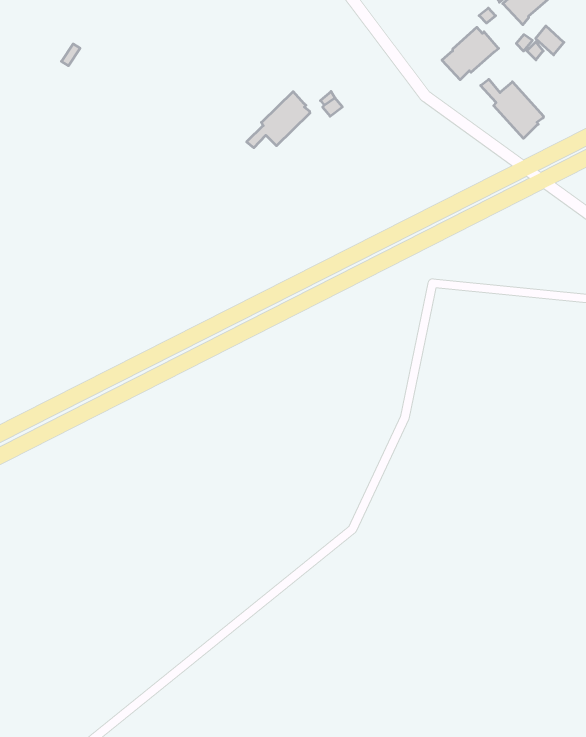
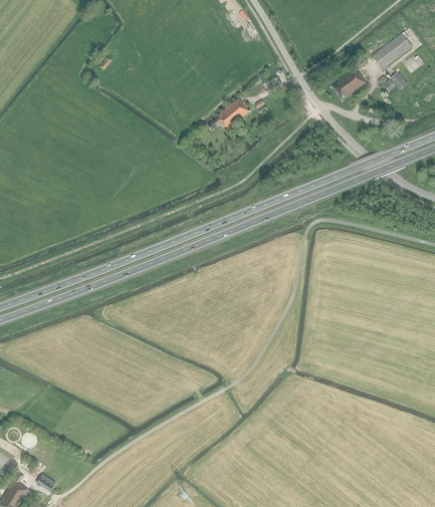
building: [481,79,543,138] -> none

